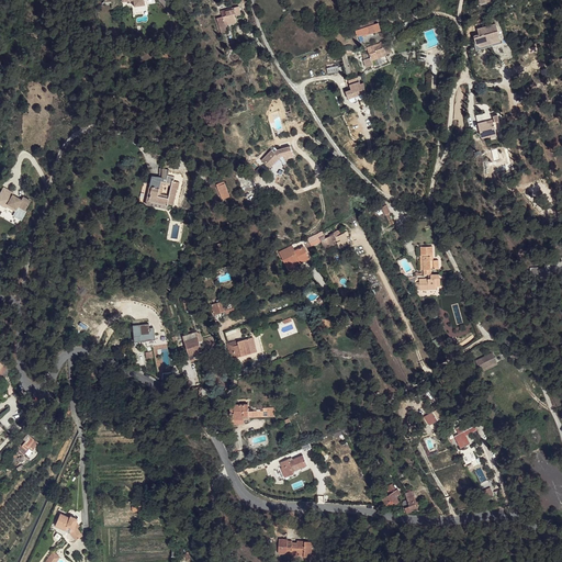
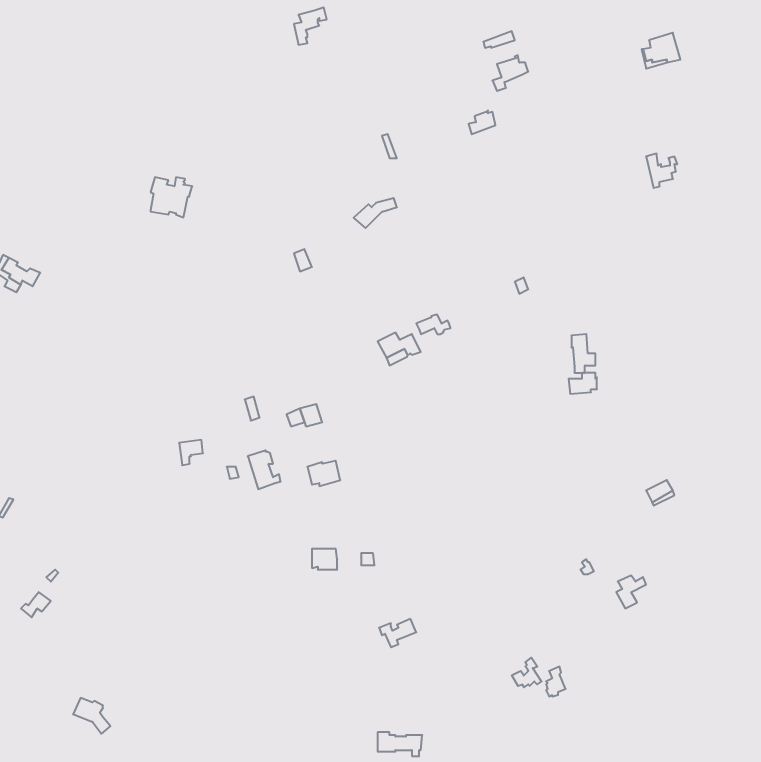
building: [148,176,179,205] -> [151,177,192,217]

